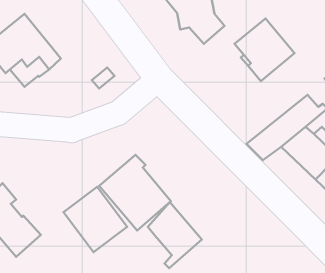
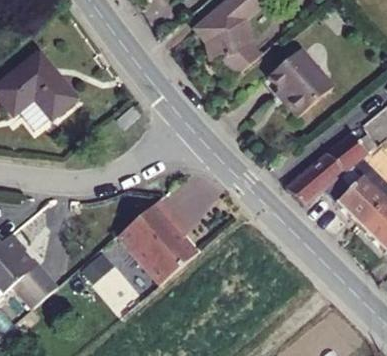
building: [148,202,202,268] -> none

